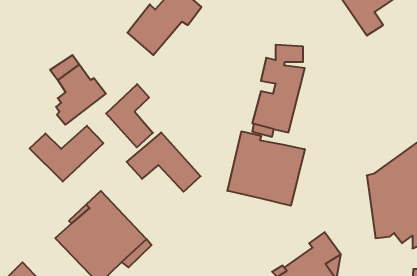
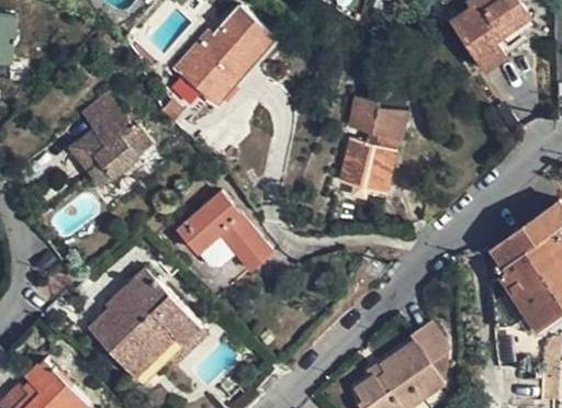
building: [106,84,153,147] -> none
building: [30,126,103,182] -> none
building: [227,131,305,206] -> none

